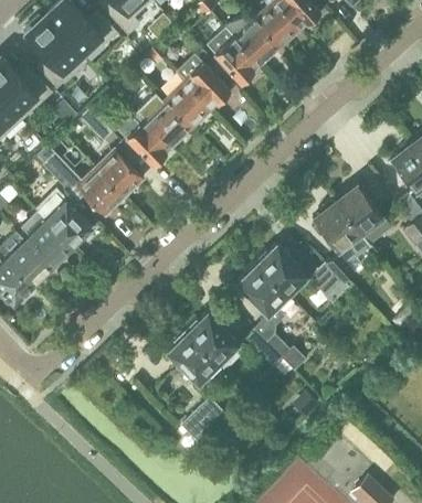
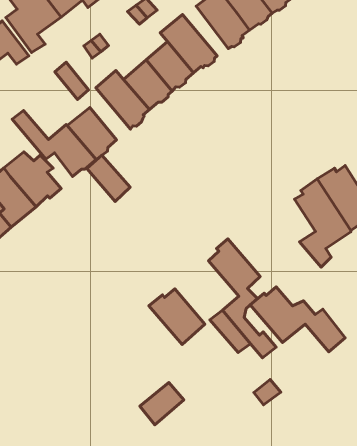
building: none -> [87,155,130,201]
building: [253,244,345,301] -> [250,287,345,352]
building: [167,331,218,384] -> none

